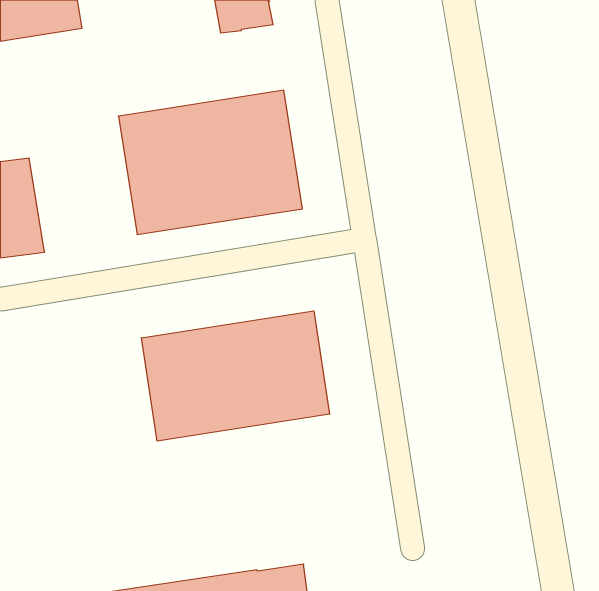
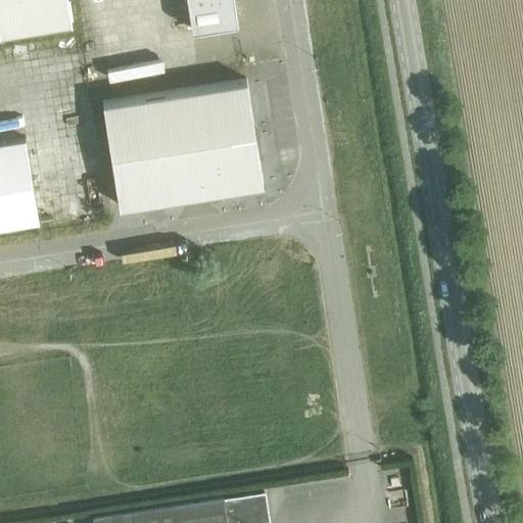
building: [141,311,330,441] -> none

